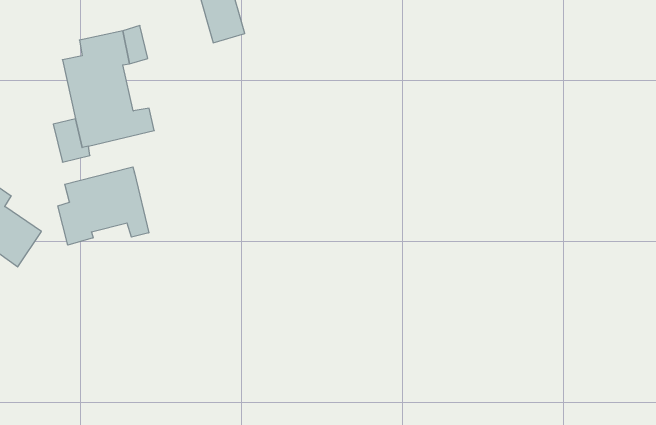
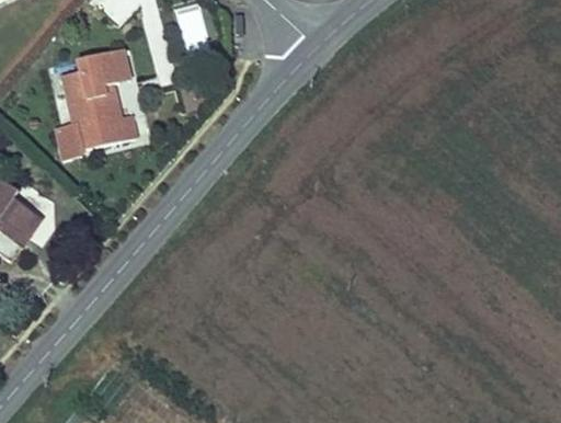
building: [58,167,149,245] -> none

